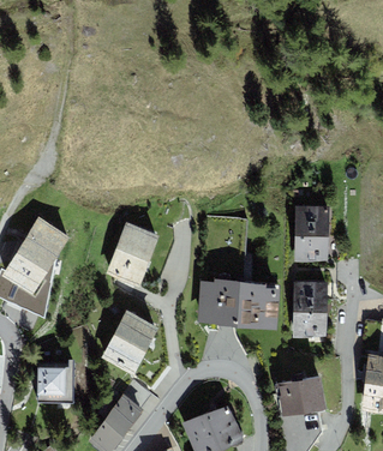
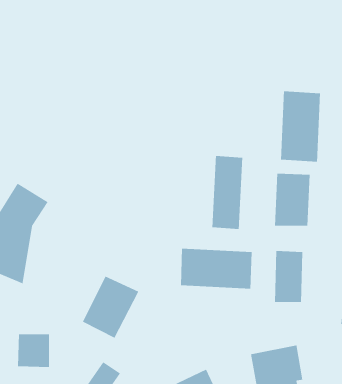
building: none -> [280,90,321,162]
building: none -> [212,155,243,230]
building: [108,222,160,284] -> none

